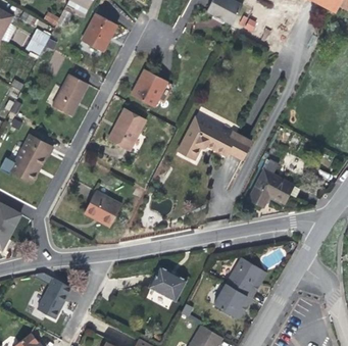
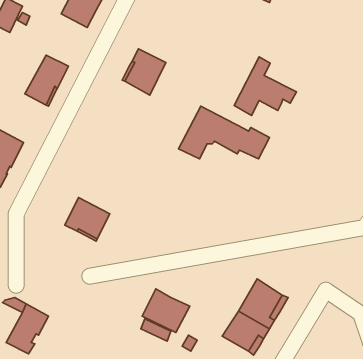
building: [108,108,146,150] -> none
building: [249,159,300,207] -> [234,57,297,116]

